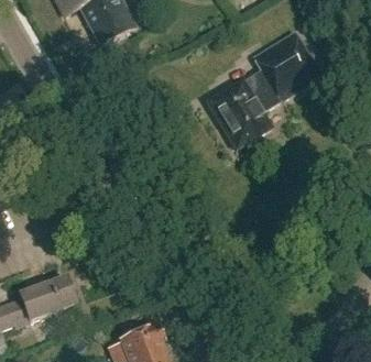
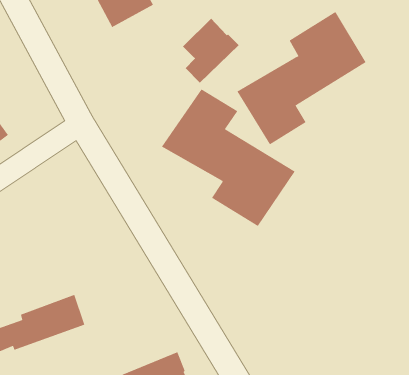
building: none -> [182,18,239,84]
building: none -> [161,89,295,227]

